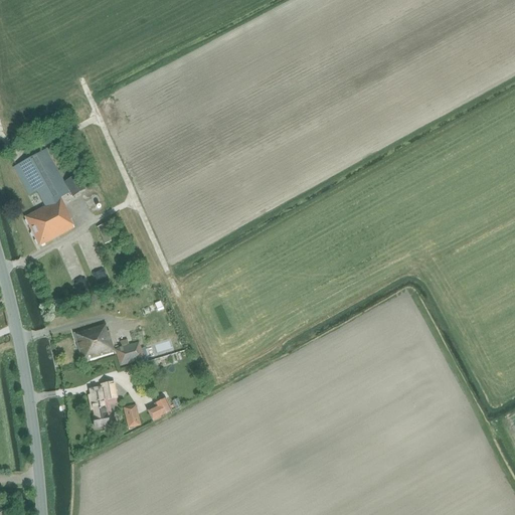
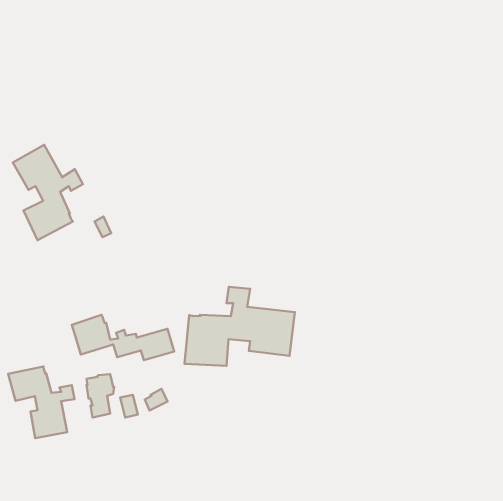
building: none -> [184,287,295,366]
building: none -> [8,366,75,438]

